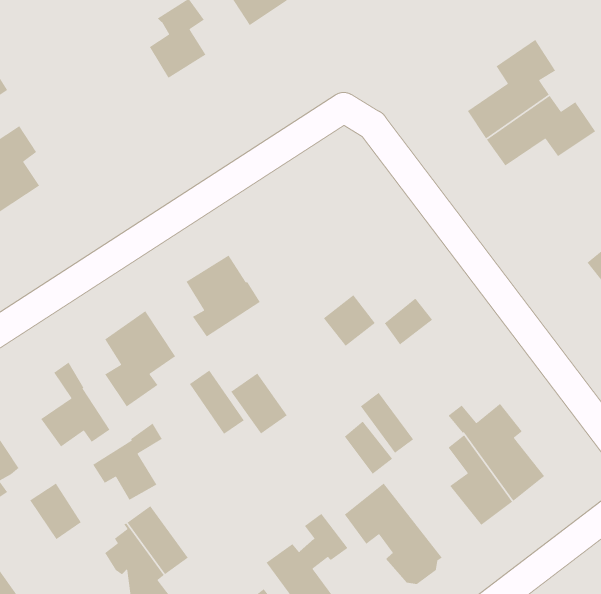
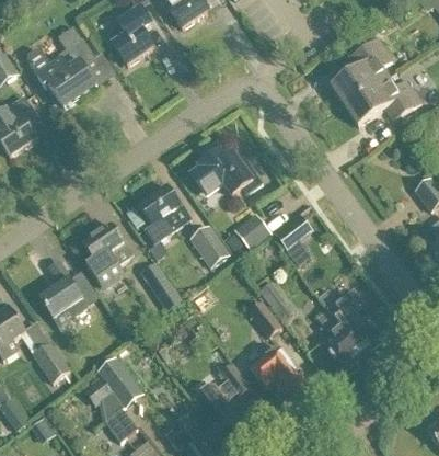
building: none -> [27,23,99,107]
building: none -> [195,152,262,195]
building: [230,372,288,435] -> [189,224,229,266]
building: [92,423,163,501] -> none

